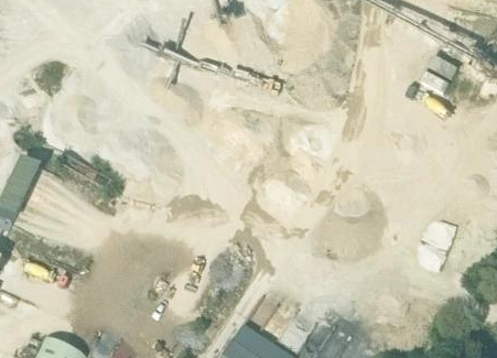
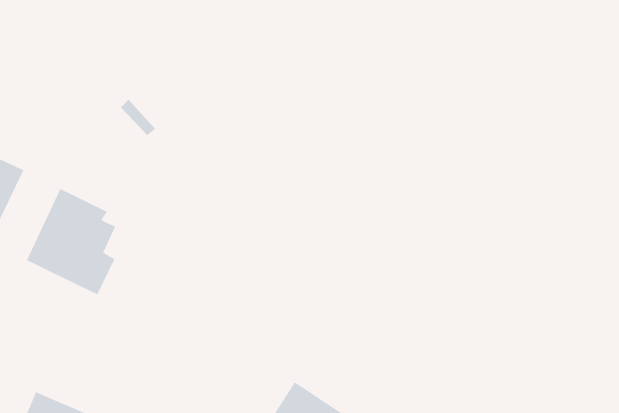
building: none -> [26,188,116,295]

